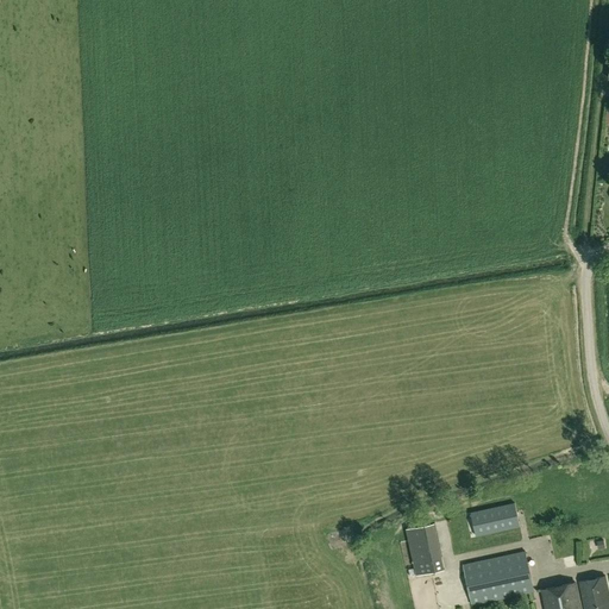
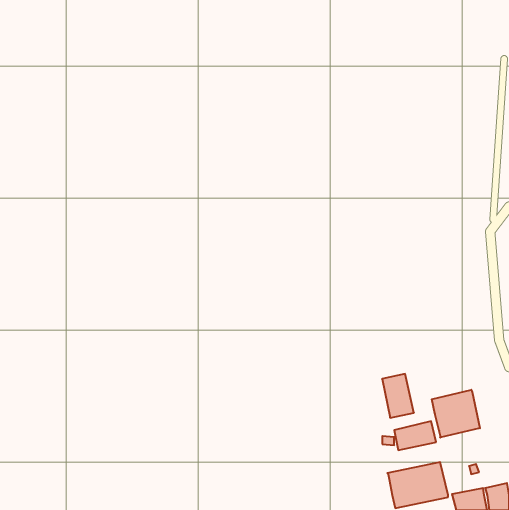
building: none -> [432,390,480,438]
building: [406,522,444,575] -> [382,374,414,418]

